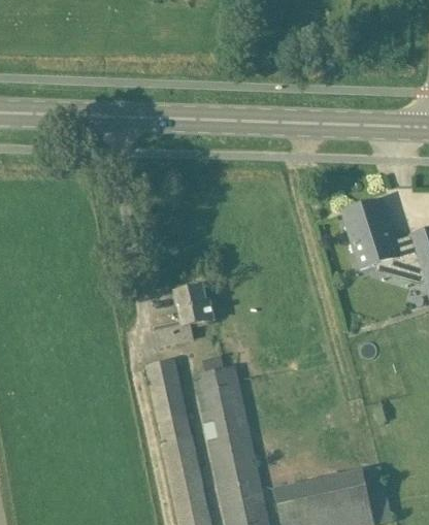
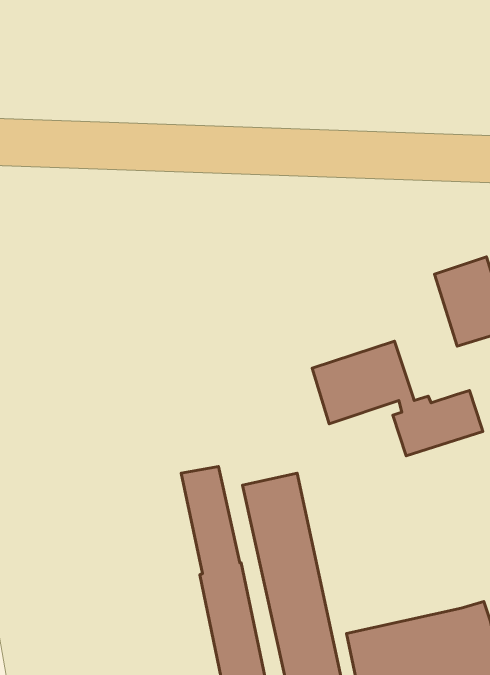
building: none -> [312,341,483,456]
building: [154,288,213,349] -> none

